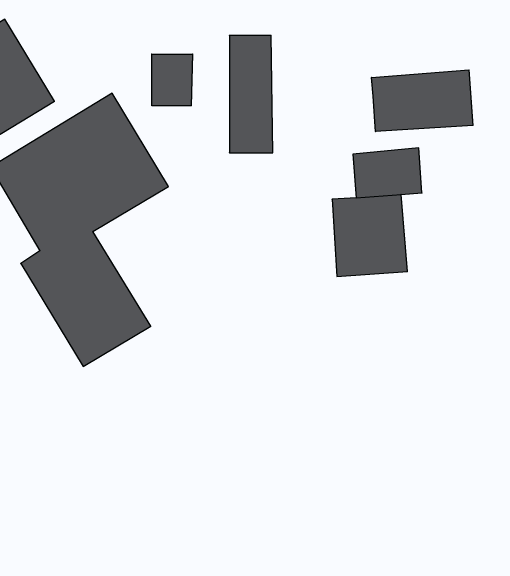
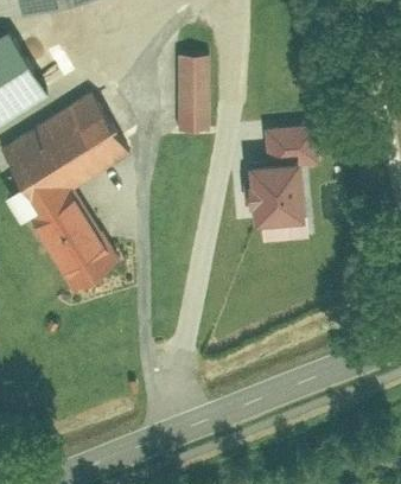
building: [152,54,193,106] -> none
building: [372,70,473,132] -> none

